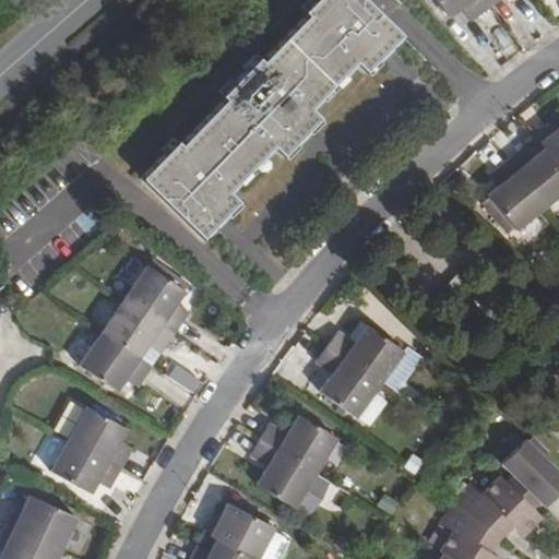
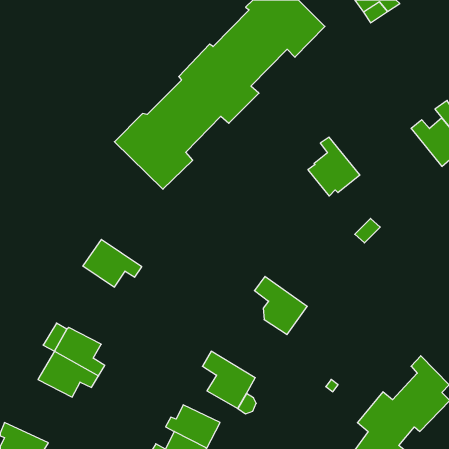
building: [485,160,549,234] -> [308,137,360,196]
building: [127,265,187,332] -> none
building: [330,323,406,381] -> none
building: [81,331,154,391] -> none
building: [263,415,337,469] -> none
building: [7,495,76,550] -> none

